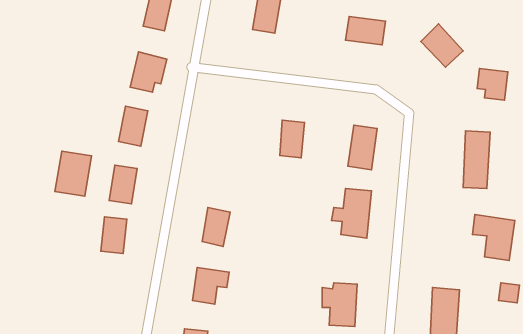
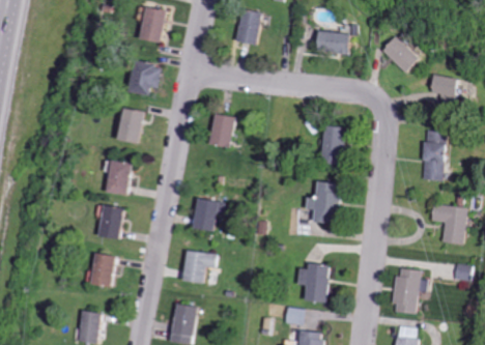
building: [280,120,305,158] -> [209,114,231,147]
building: [55,151,91,196] -> none
building: none -> [93,254,116,287]

